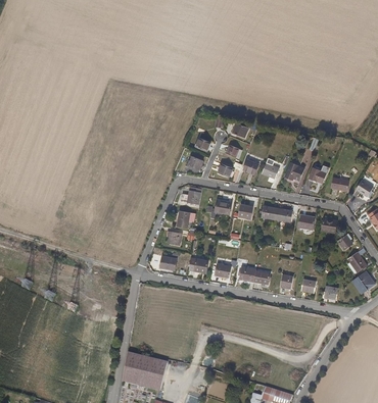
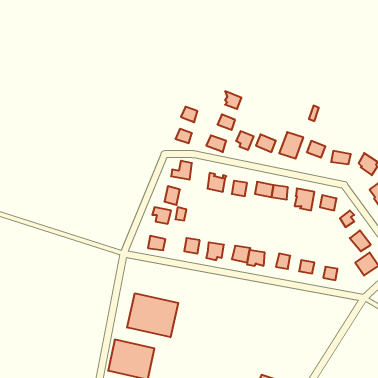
building: none -> [127,293,178,337]

